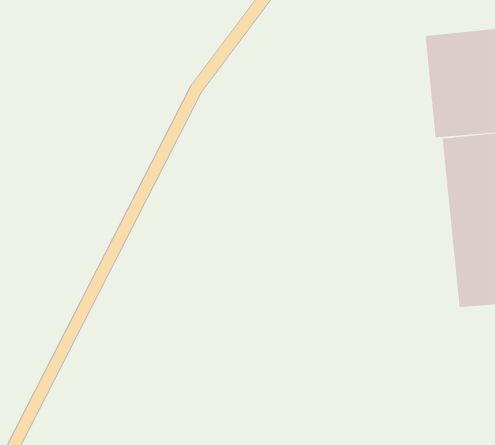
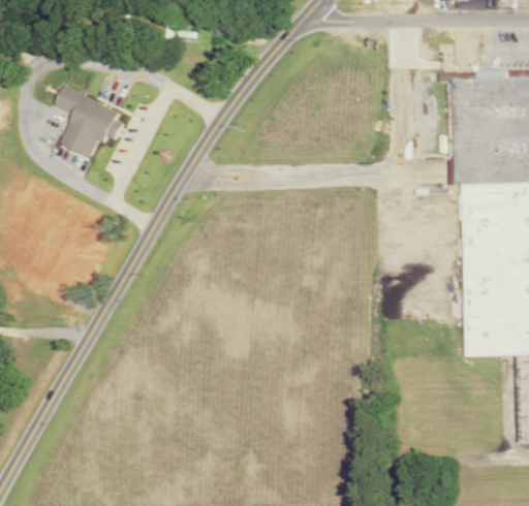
building: none -> [52,86,122,158]

